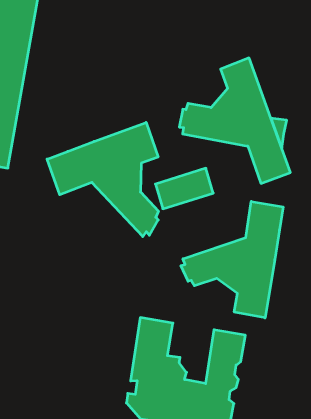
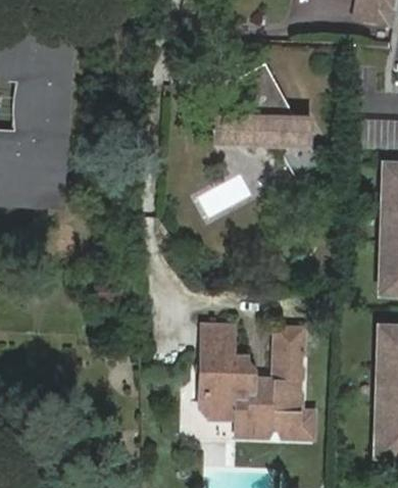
building: [47,122,158,237] -> none
building: [181,201,283,318] -> none

